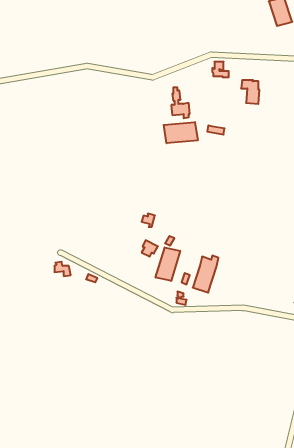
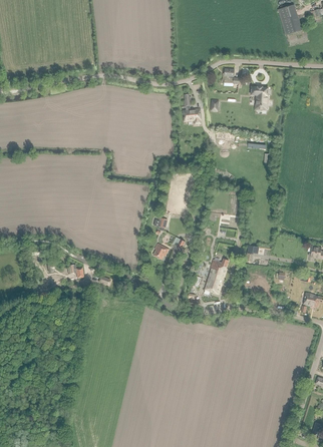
building: [164,122,198,143] -> none
building: [156,247,180,281] -> none

